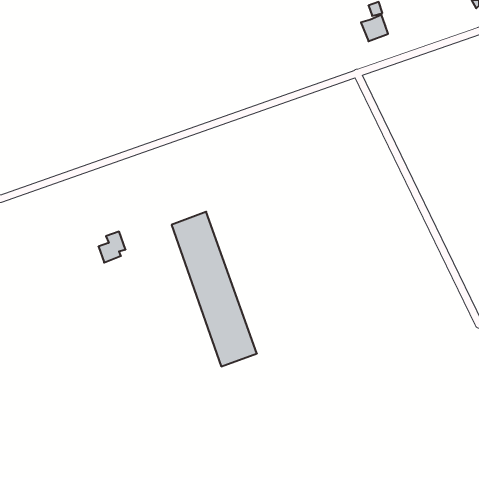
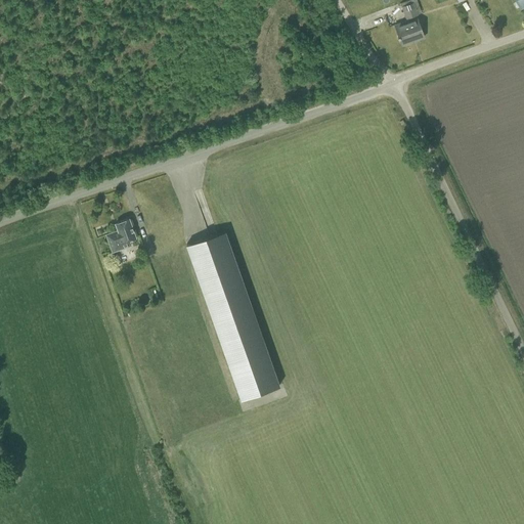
building: [98,232,126,263] -> [106,219,136,253]

